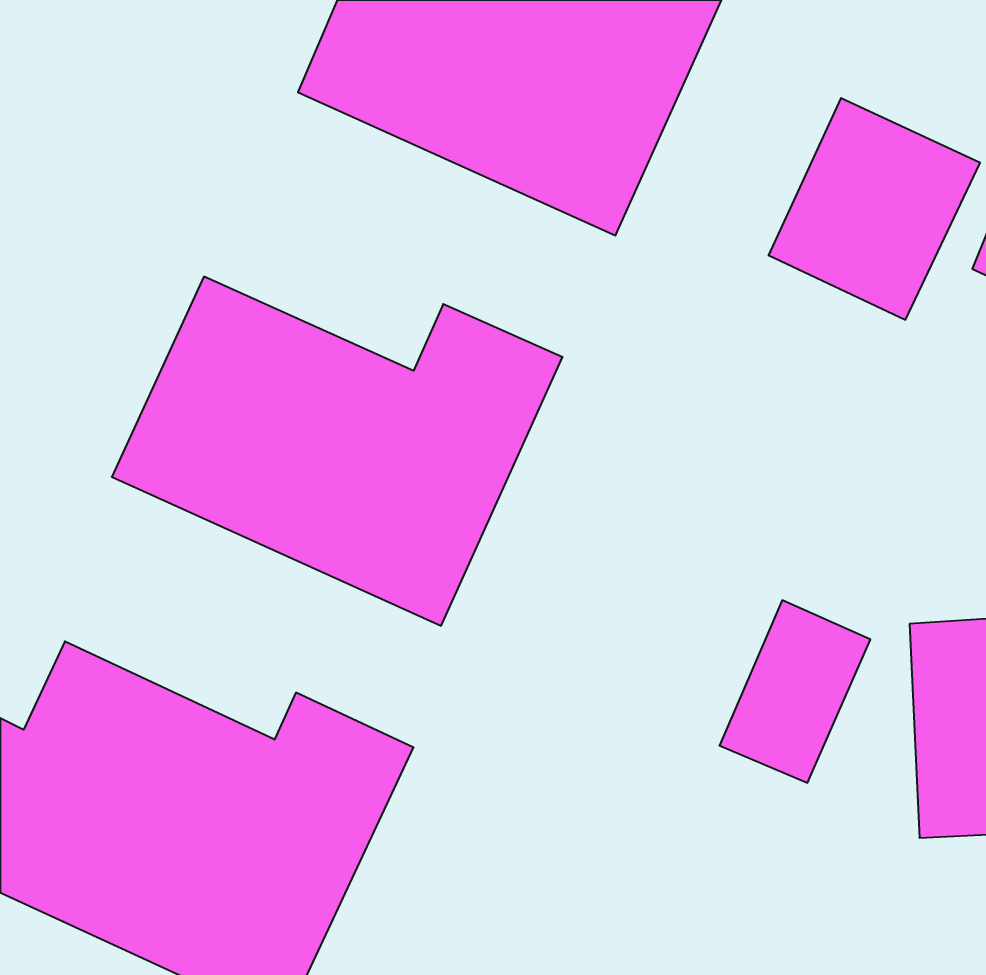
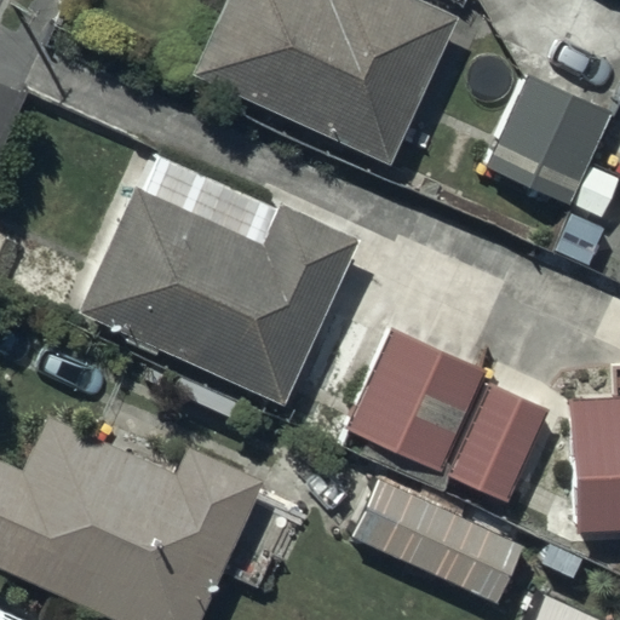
building: none -> [349,327,487,471]
building: none -> [350,476,524,610]

